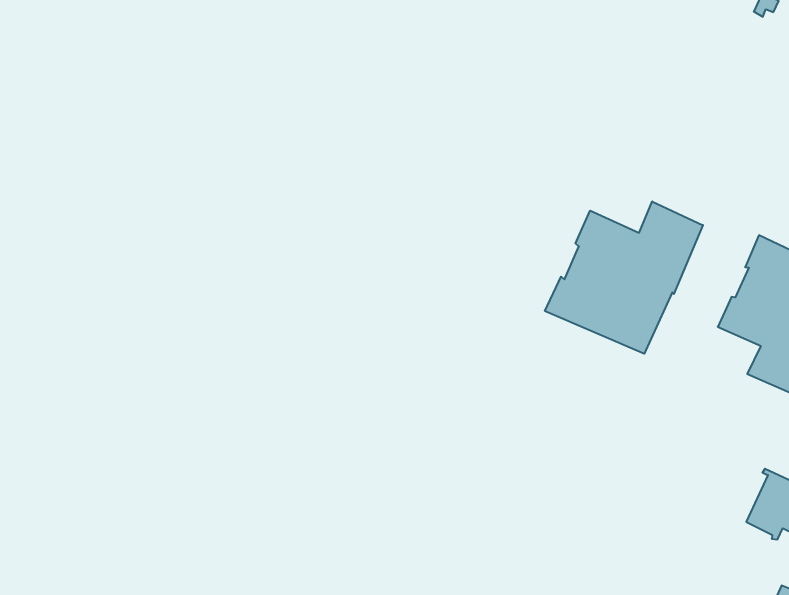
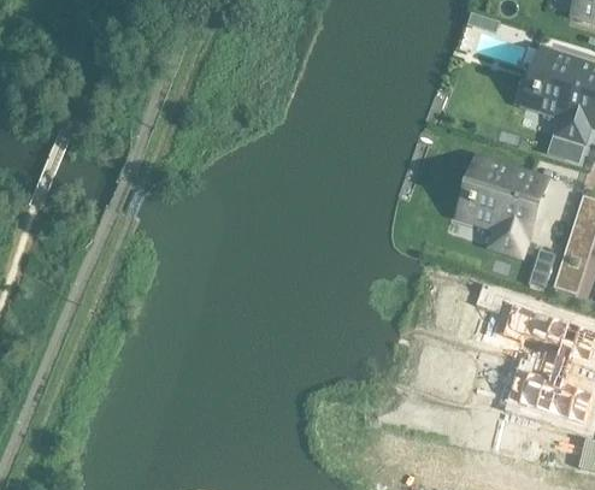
building: [545,201,703,354] -> none

